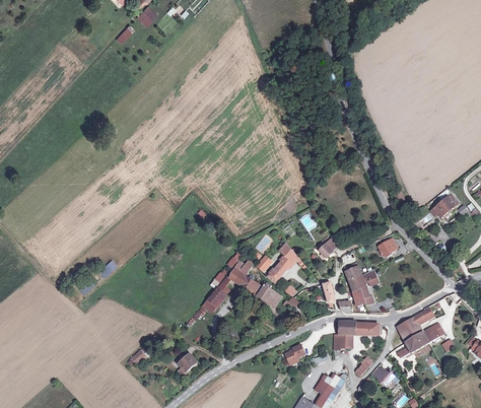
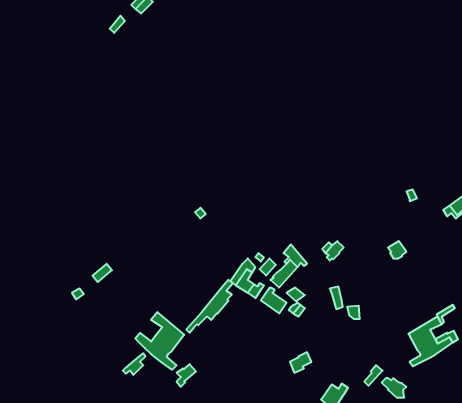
building: [344,263,377,305] -> none
building: none -> [135,312,184,370]
building: [334,321,377,350] -> none

